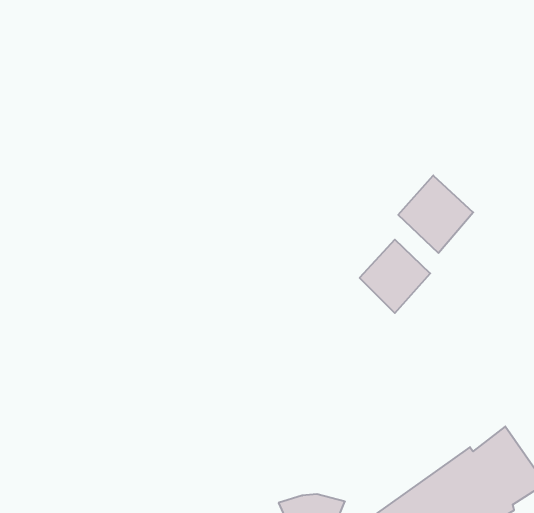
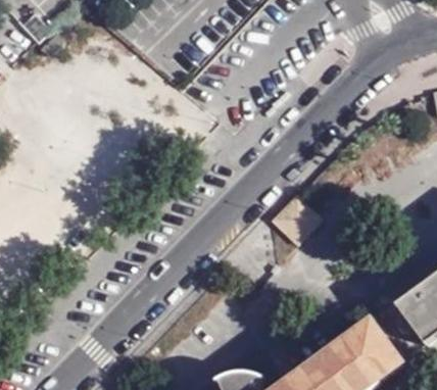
building: [398,175,473,253] -> none

